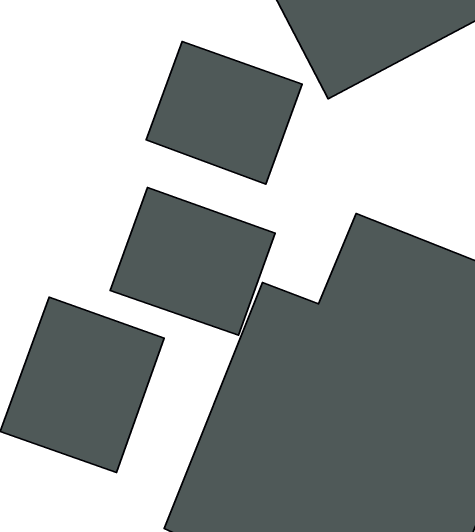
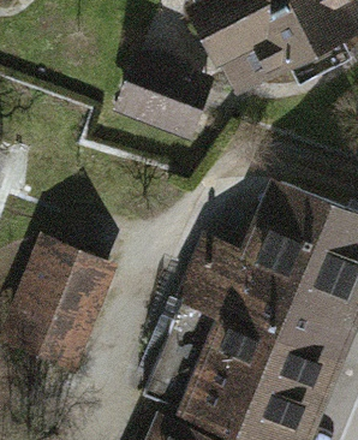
building: [110,187,275,335] -> none

